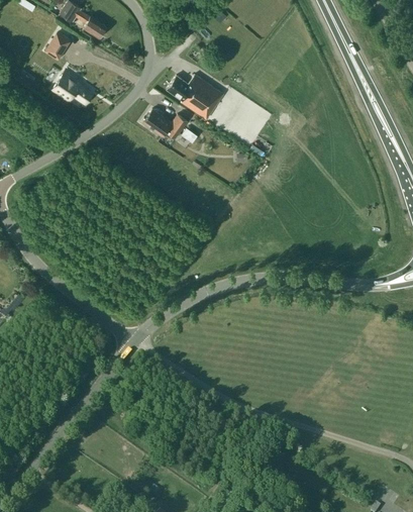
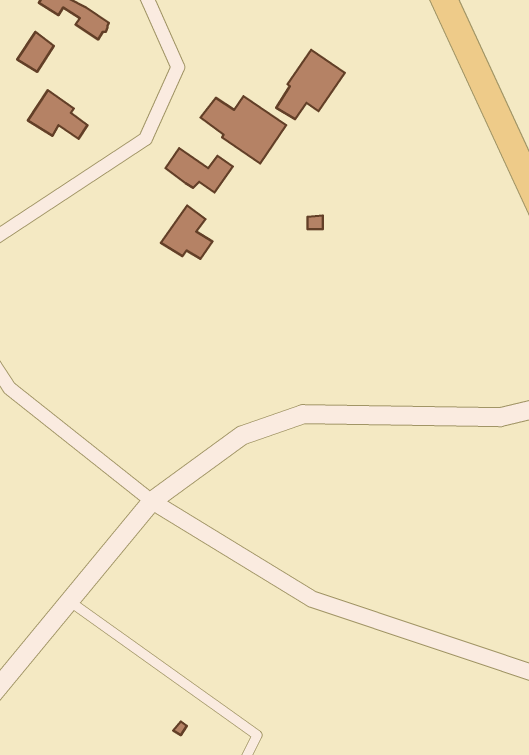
building: none -> [276,50,345,119]
building: none -> [161,205,212,259]

